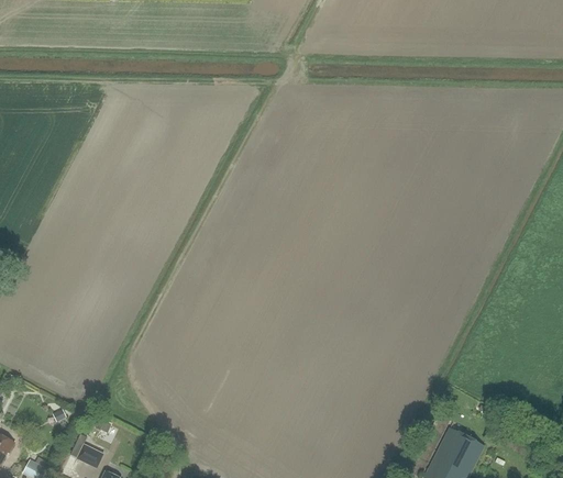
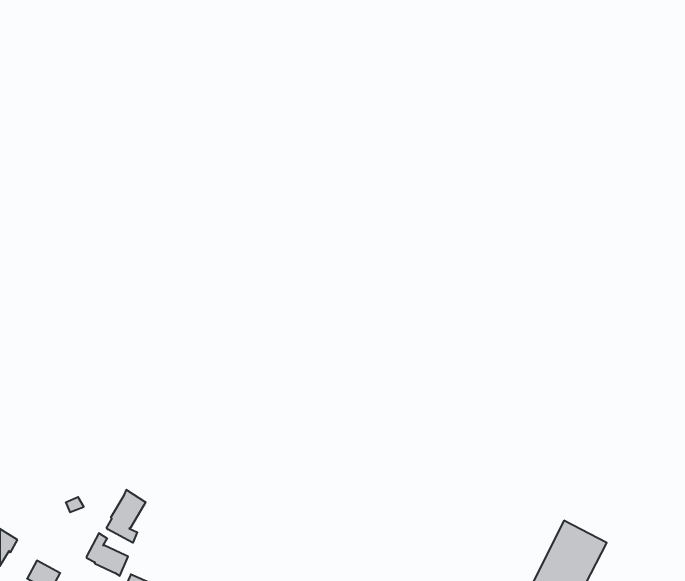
building: none -> [107,490,146,543]

